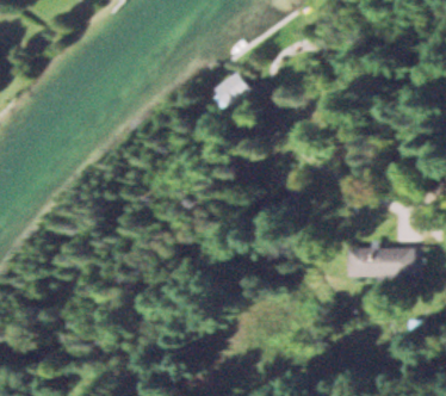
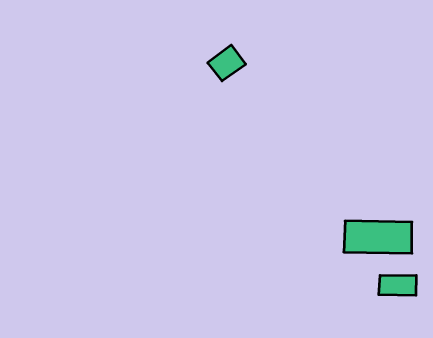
building: none -> [379,275,416,295]

